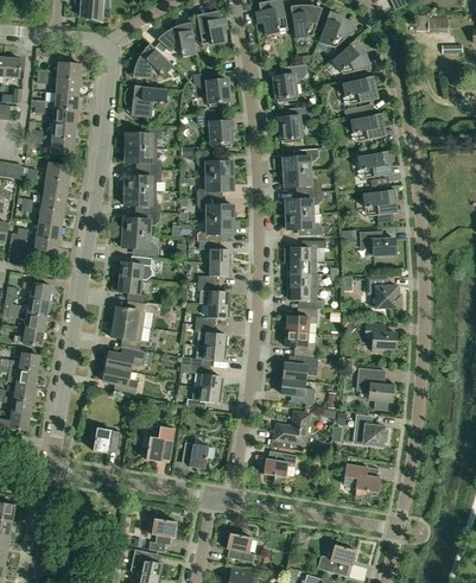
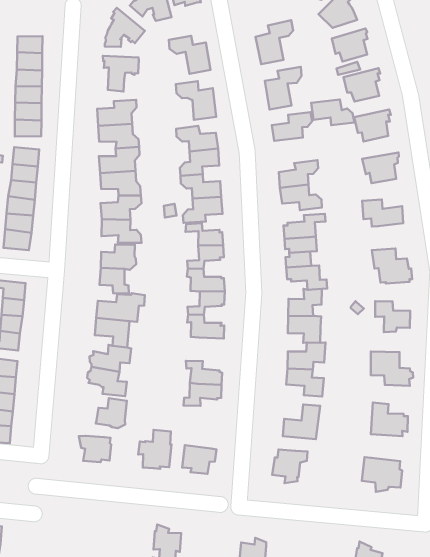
building: [284,171,322,194] -> [311,100,355,125]
building: [191,344,227,367] -> none
building: none -> [96,398,127,428]

